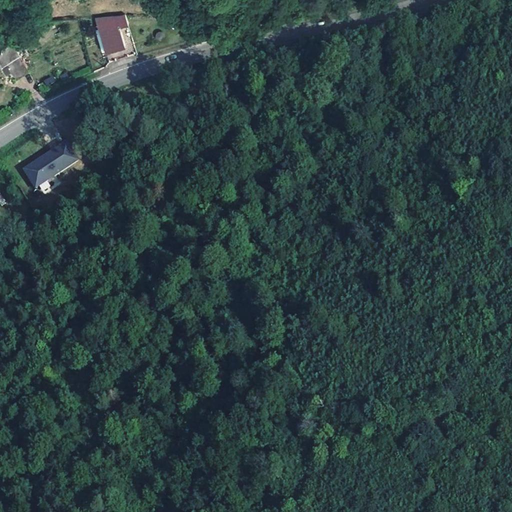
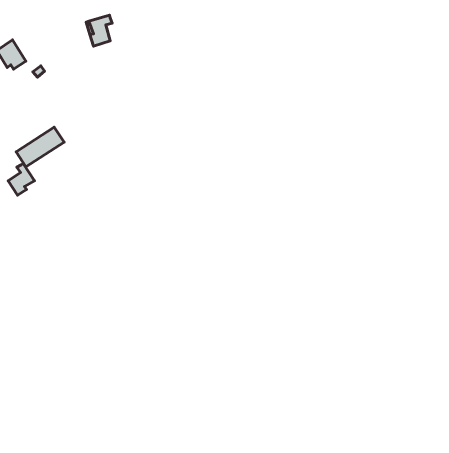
building: none -> [8,163,35,195]

